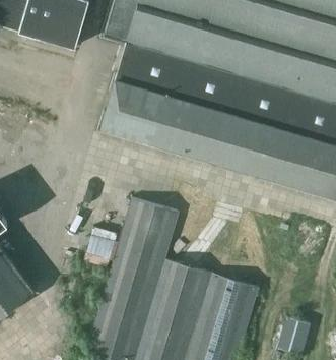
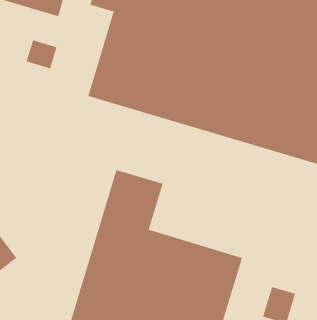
building: none -> [26,40,57,69]

